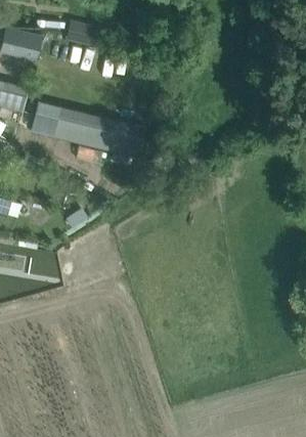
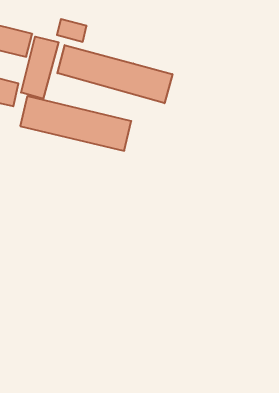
building: none -> [21,37,59,99]
building: none -> [57,45,172,103]

